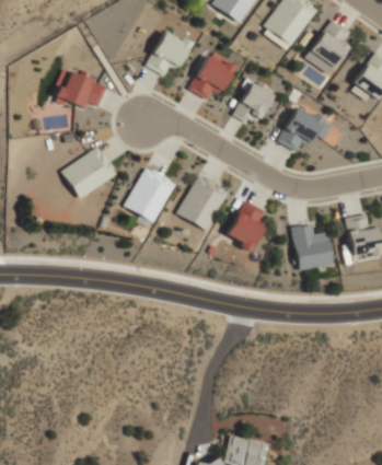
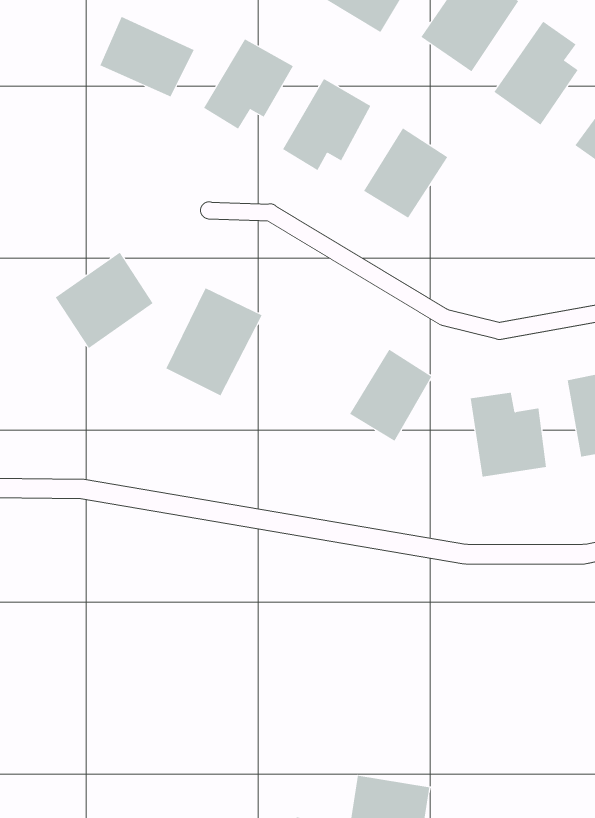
building: [55,68,107,113] -> [100,16,194,97]
building: [277,105,345,152] -> none
building: [176,173,229,231] -> none

